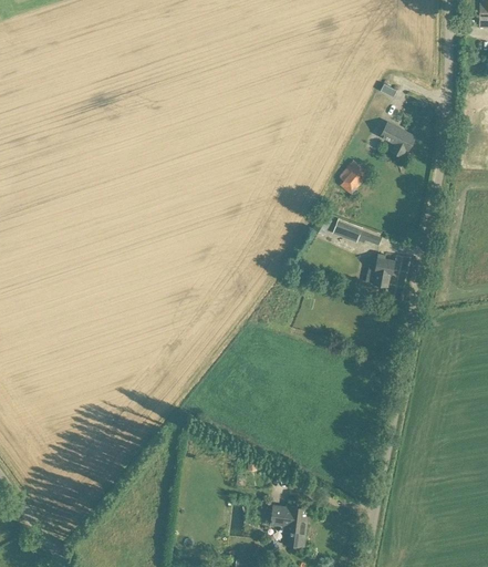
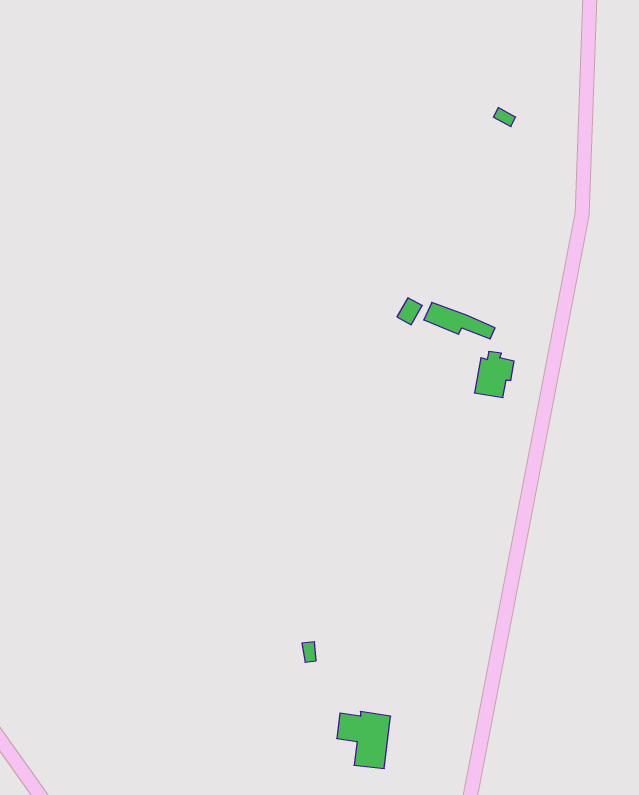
building: [381,123,415,156] -> none
building: [339,161,368,197] -> none

